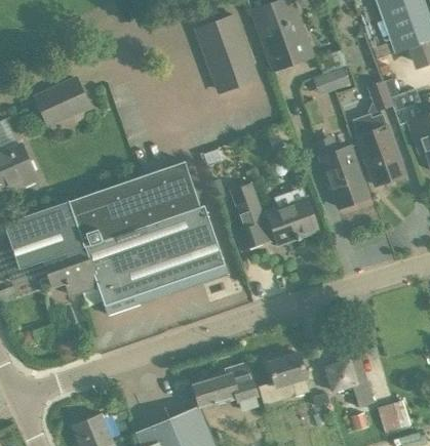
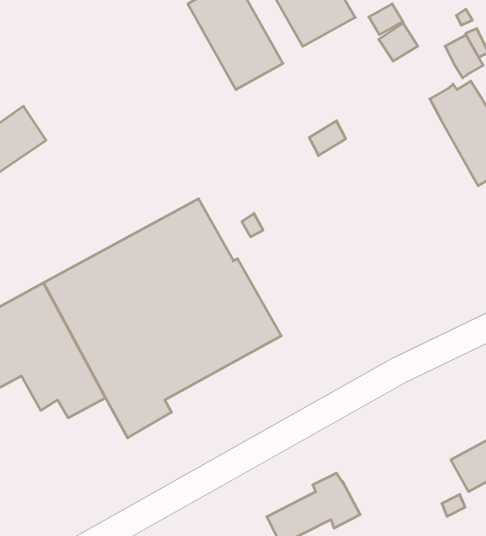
building: [316,138,367,207] -> none
building: [231,184,318,250] -> none
building: [258,354,309,405] -> none

